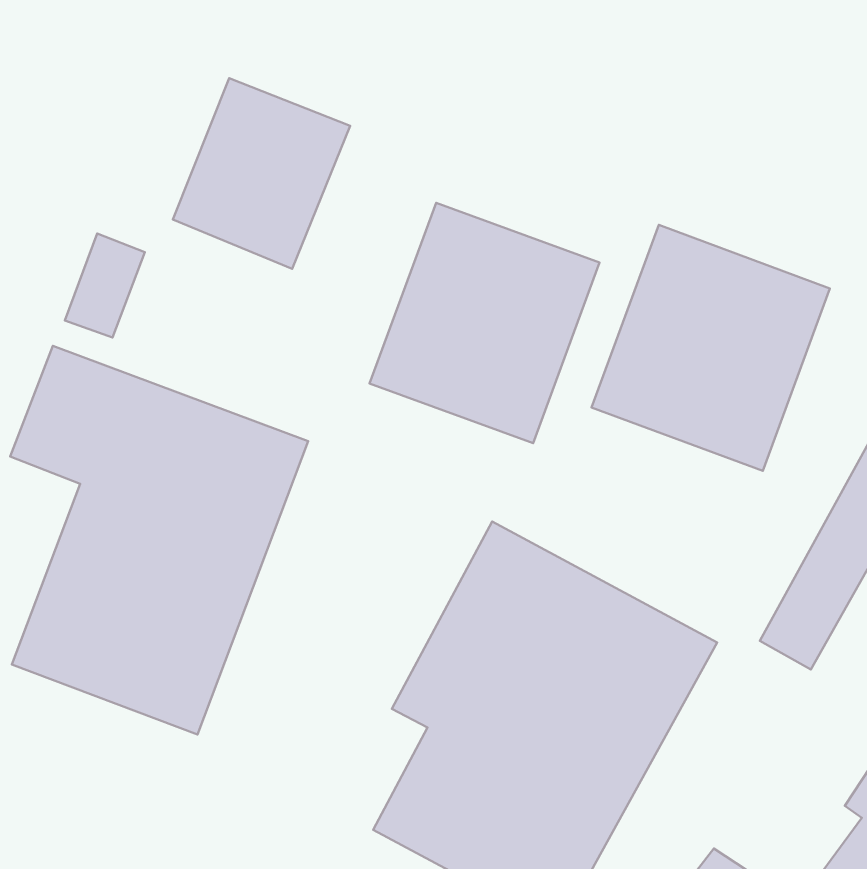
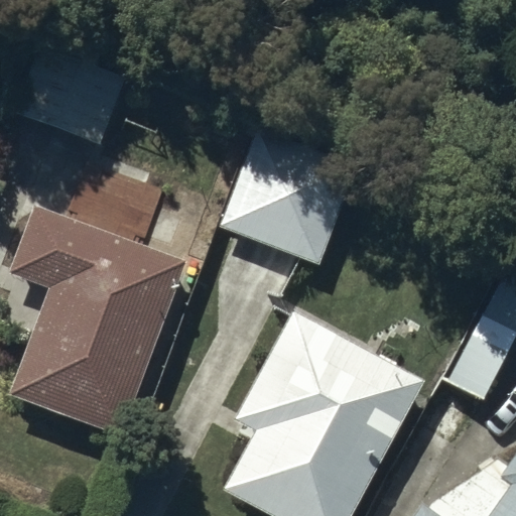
building: [173,78,350,269] -> [20,29,125,142]
building: [592,225,830,471] -> none

